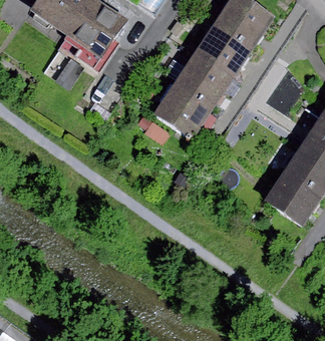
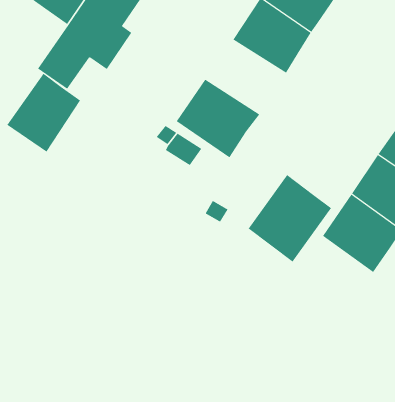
building: [174,49,236,106] -> none
building: none -> [7,73,81,152]
building: none -> [248,174,332,262]

